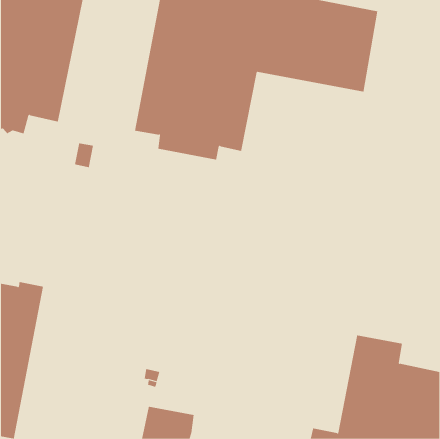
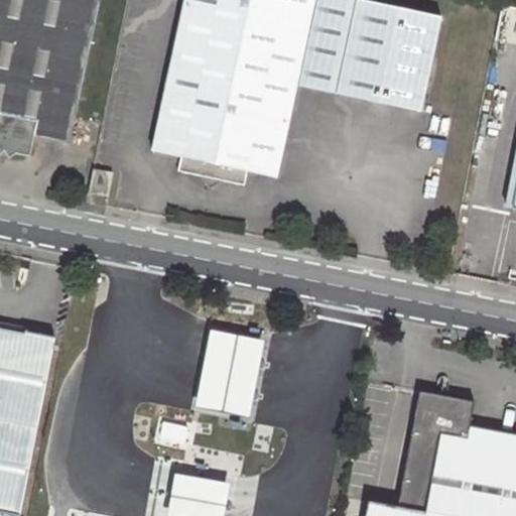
building: none -> [194,330,262,417]

